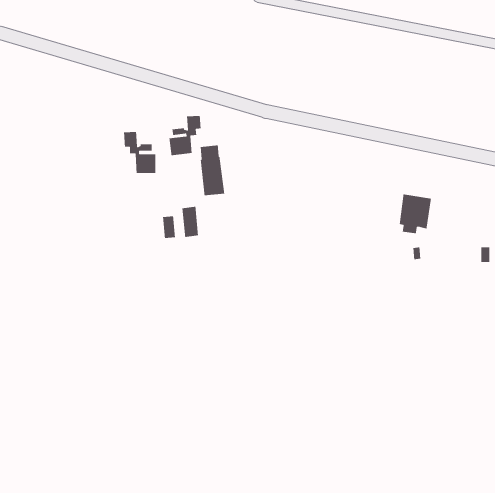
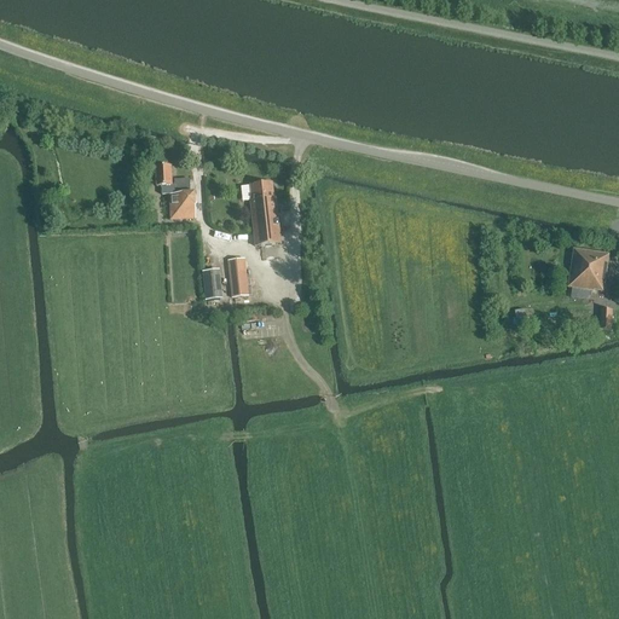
building: [169,115,201,156] -> none
building: [399,193,432,234] -> [567,247,608,297]

